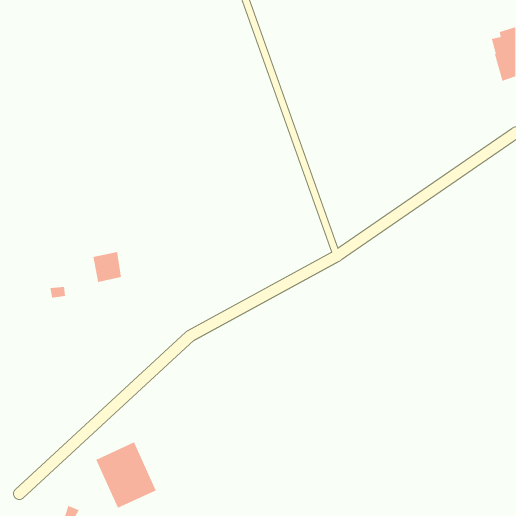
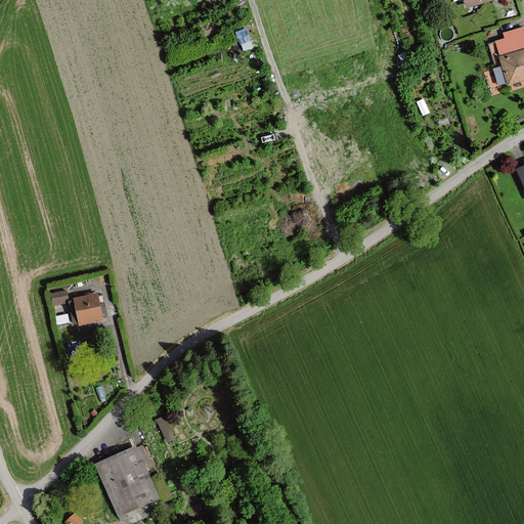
building: [93,251,122,283] -> [73,294,102,325]

